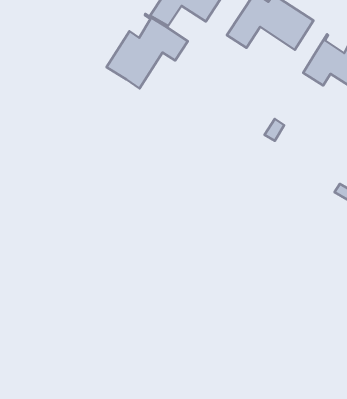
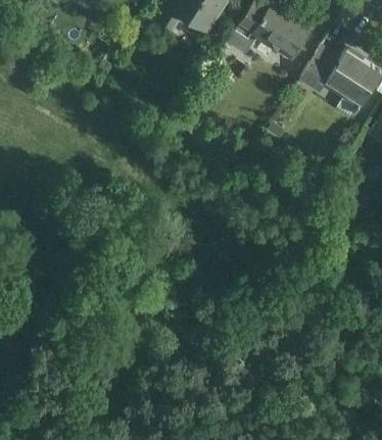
building: [106,14,188,88] -> none

